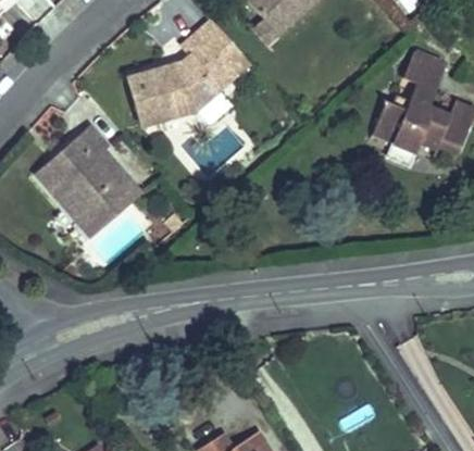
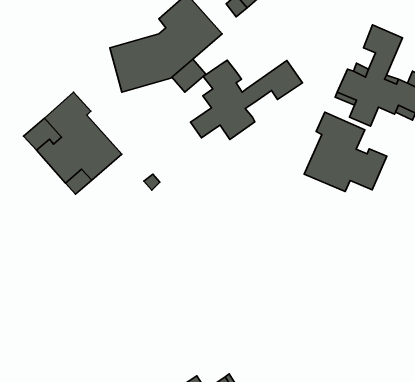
building: none -> [191,60,303,139]
building: none -> [304,112,387,192]

